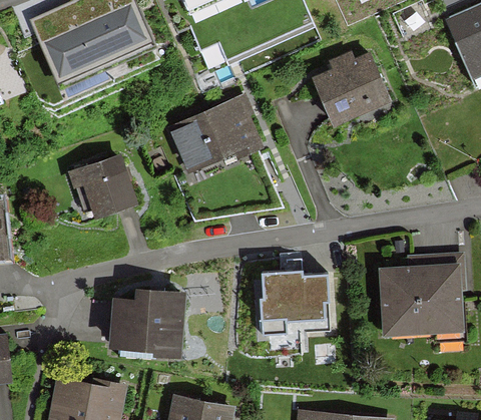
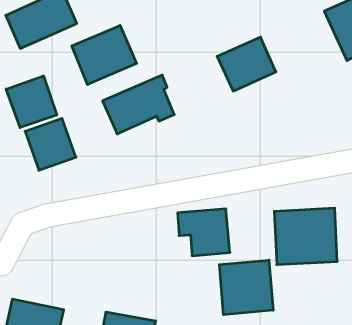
building: none -> [72,25,137,85]
building: none -> [6,76,57,128]
building: [114,290,185,351] -> none
building: none -> [219,260,273,315]

